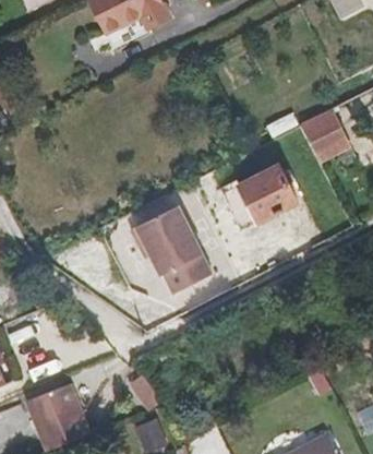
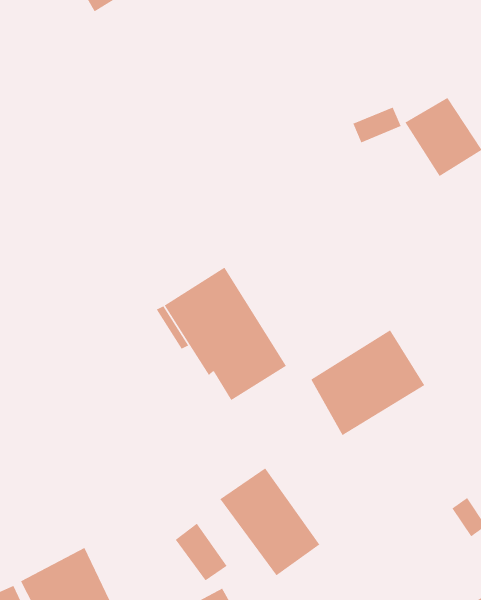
building: [224,165,298,231] -> [310,329,425,436]
building: none -> [220,467,320,576]

